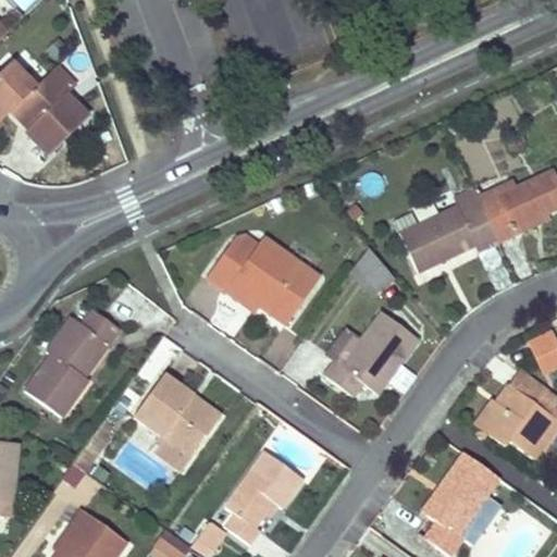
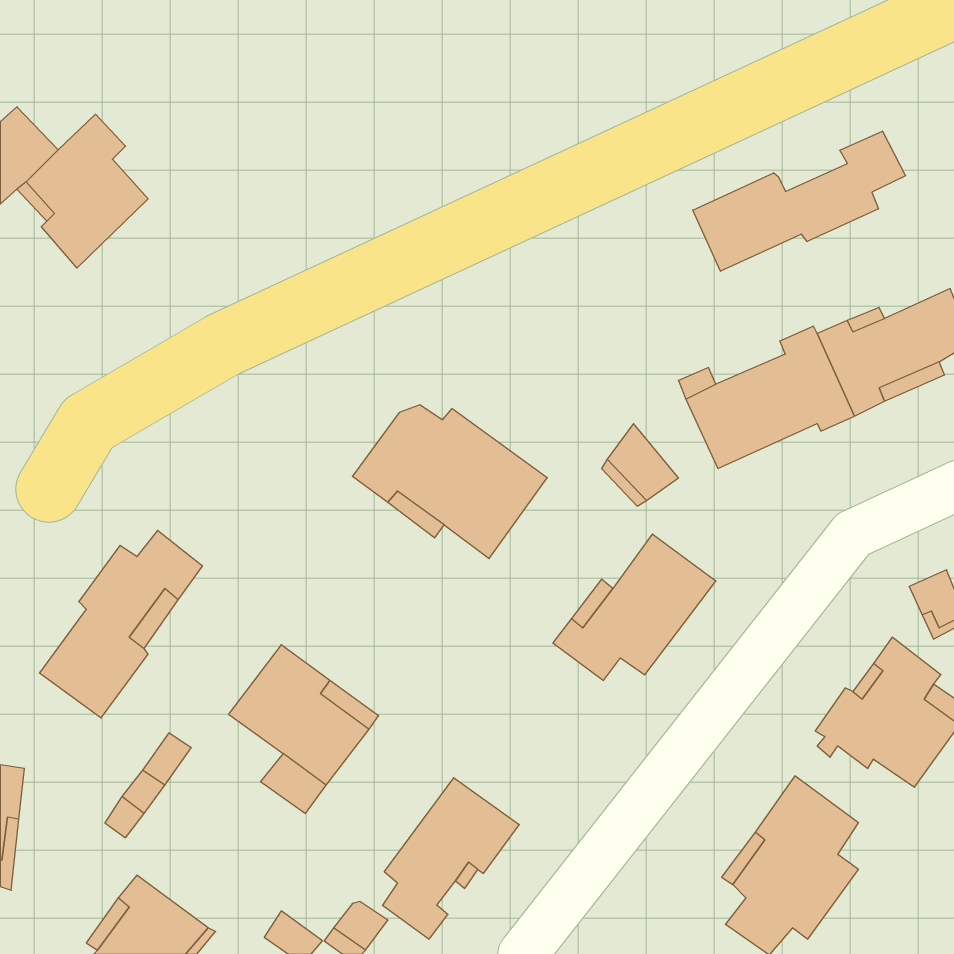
building: none -> [693,131,906,271]

